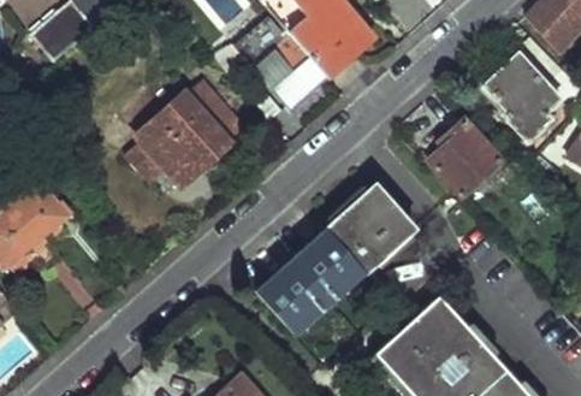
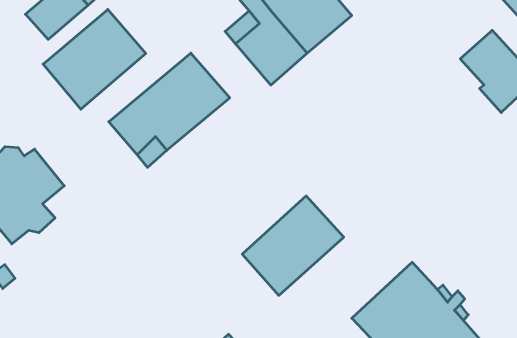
building: none -> [43,9,146,109]
building: [428,118,504,196] -> none
building: [325,181,415,271] -> none

